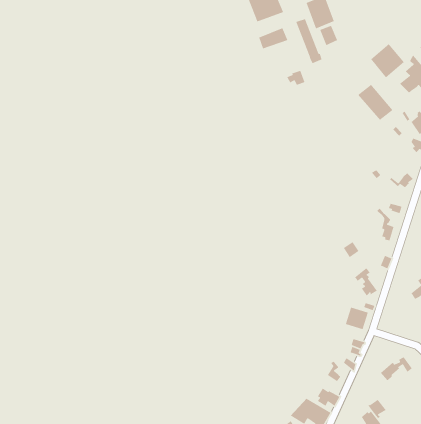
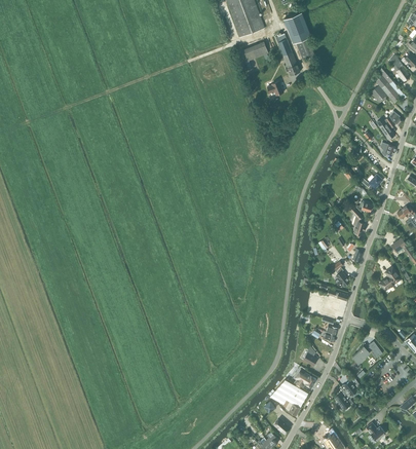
building: [370,43,405,78] -> none
building: [357,84,394,121] -> none

